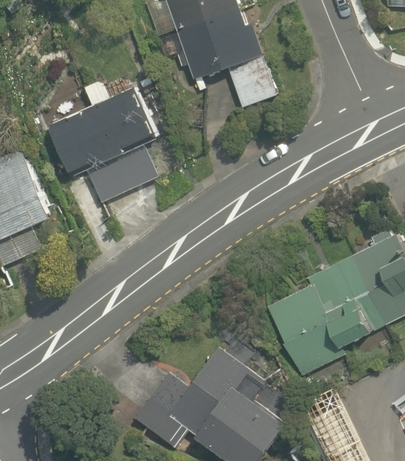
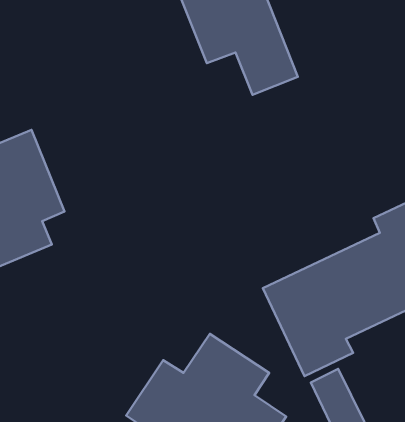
building: [51,92,175,210] -> none

